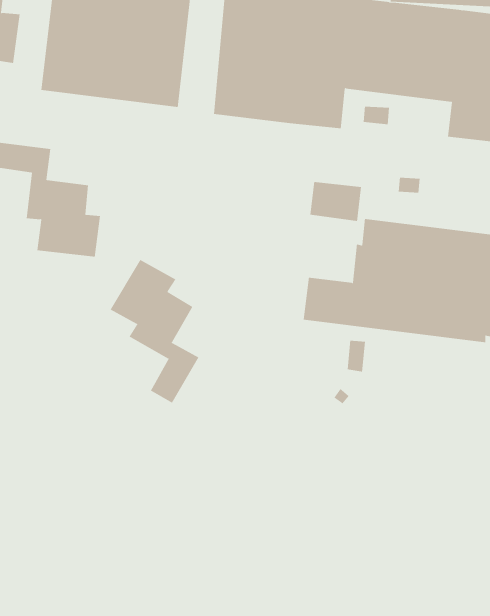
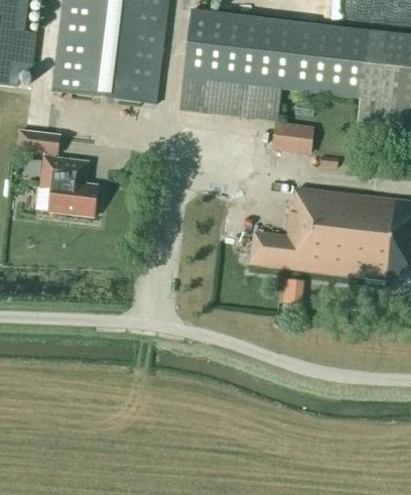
building: [310,182,362,222] -> [273,122,312,152]
building: [110,259,199,403] -> none

